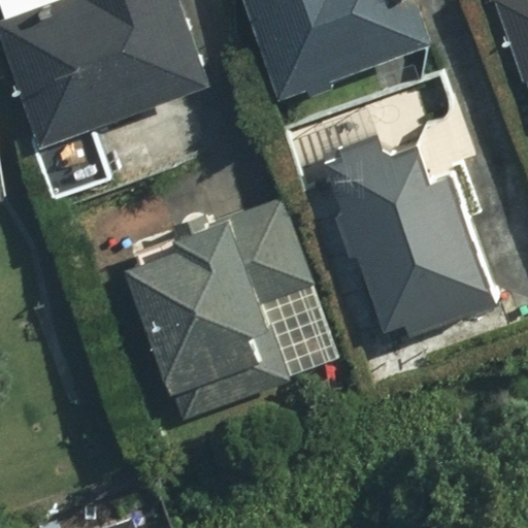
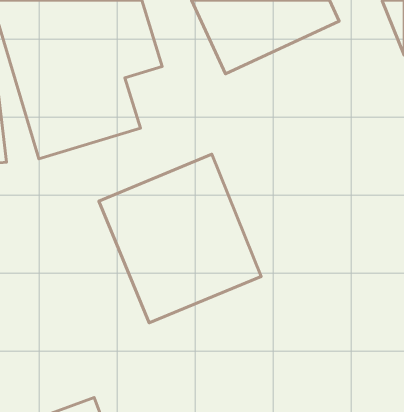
building: [339,163,494,338] -> none

